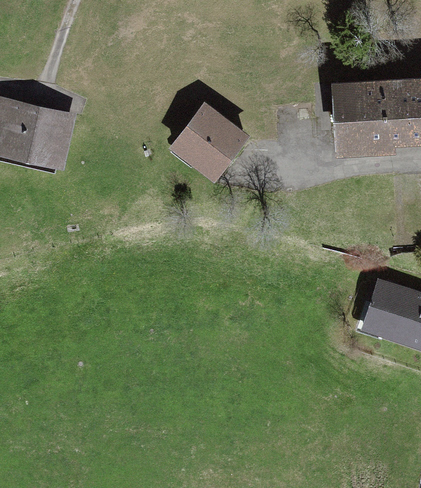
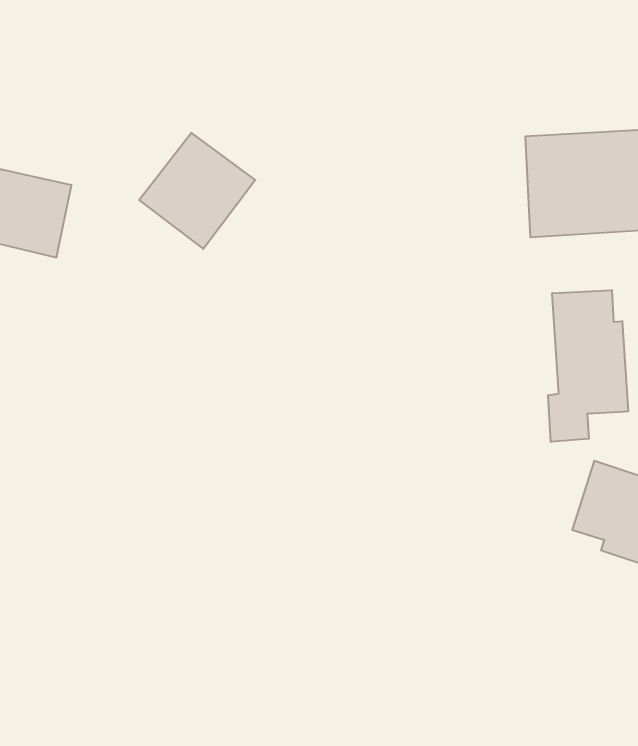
building: [173,106,242,175] -> [139,133,255,249]
building: none -> [548,290,628,442]

